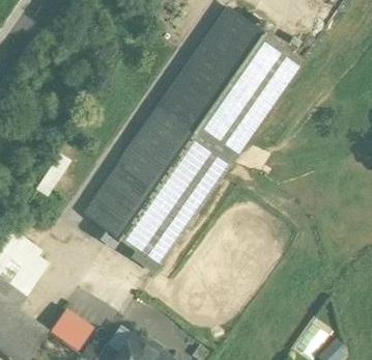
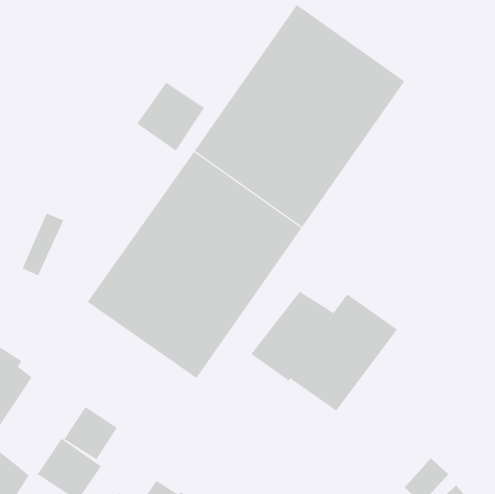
building: none -> [137,82,205,151]
building: none -> [250,291,398,411]
building: none -> [63,406,117,460]

